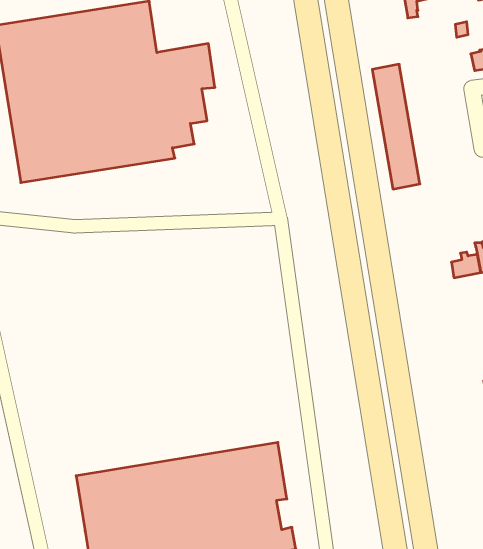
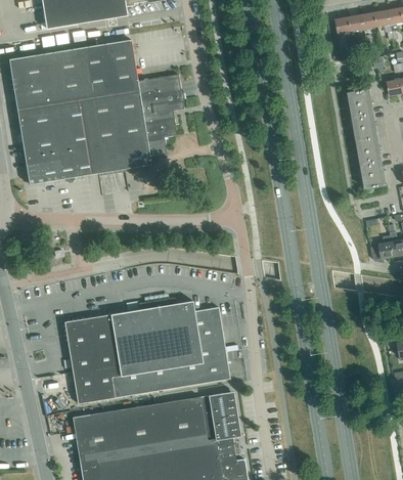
building: [372,64,420,189] -> [349,89,387,188]
building: none -> [55,298,230,404]

